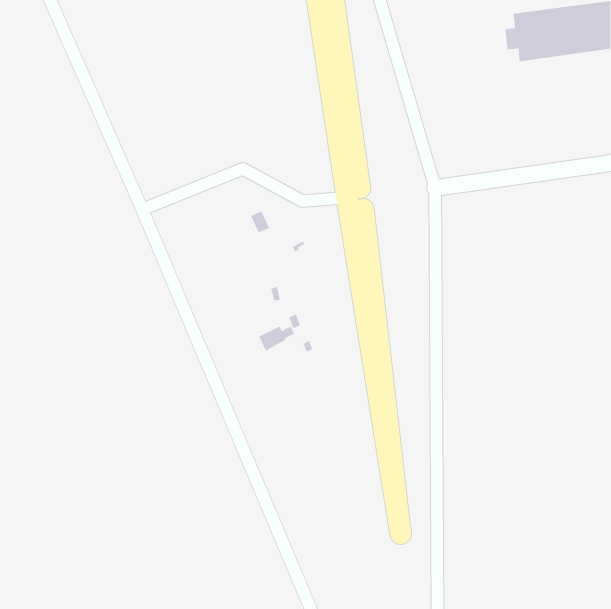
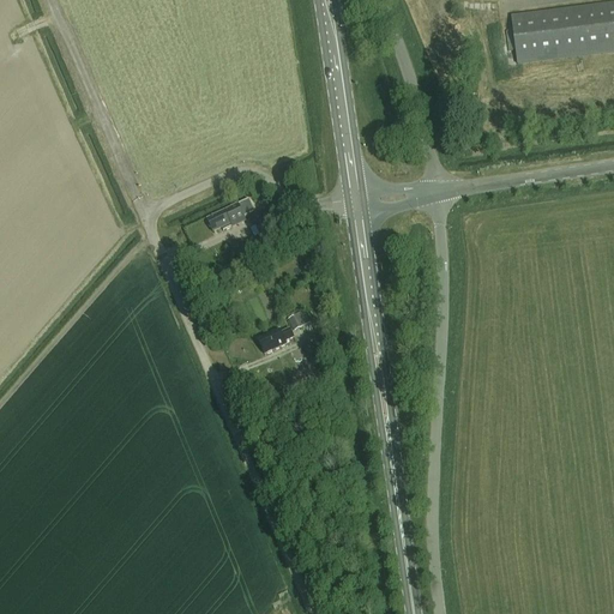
building: none -> [209,203,247,230]

